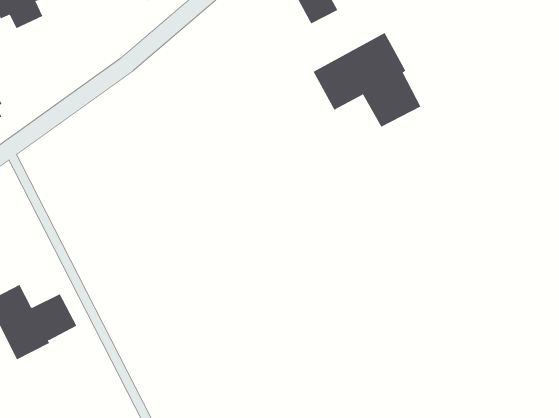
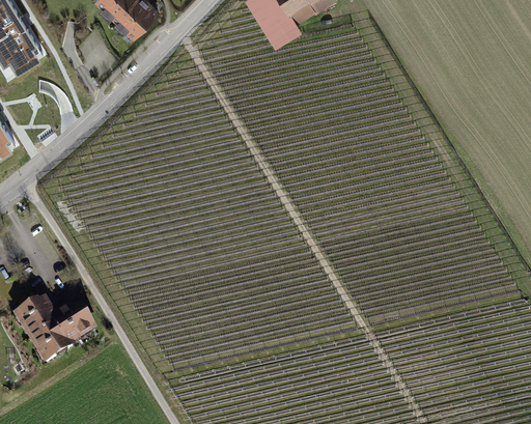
building: [313,32,421,128] -> none

